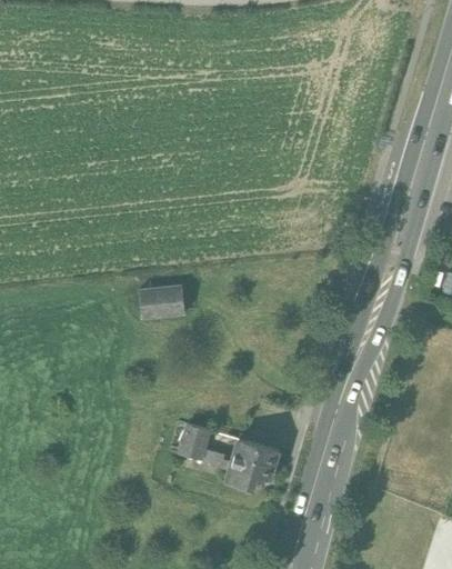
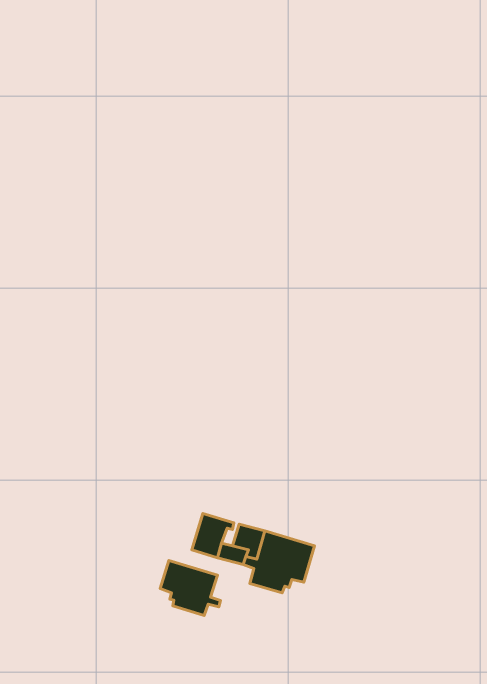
building: [139,287,185,319] -> none
building: none -> [160,561,221,616]

